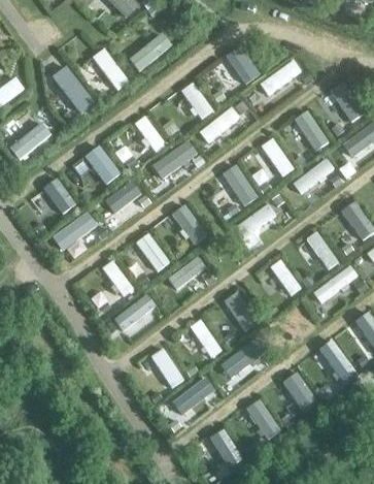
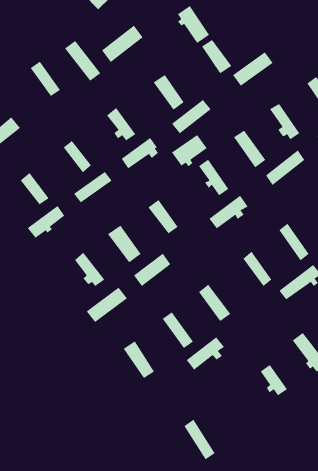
building: none -> [177,5,210,44]
building: none -> [171,134,208,167]
building: [164,381,205,416] -> none
building: [248,399,280,439] -> none

